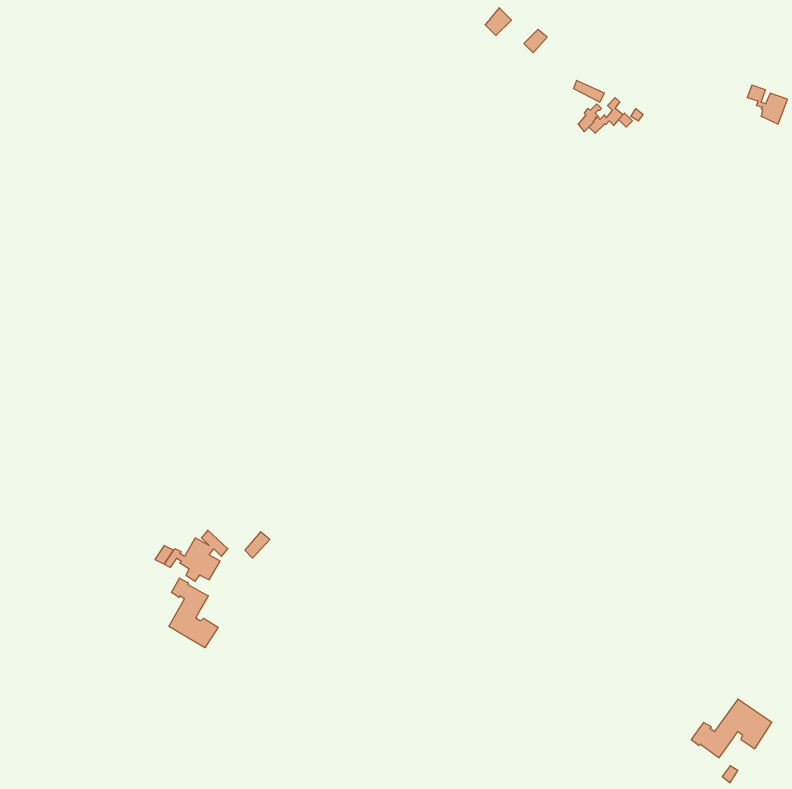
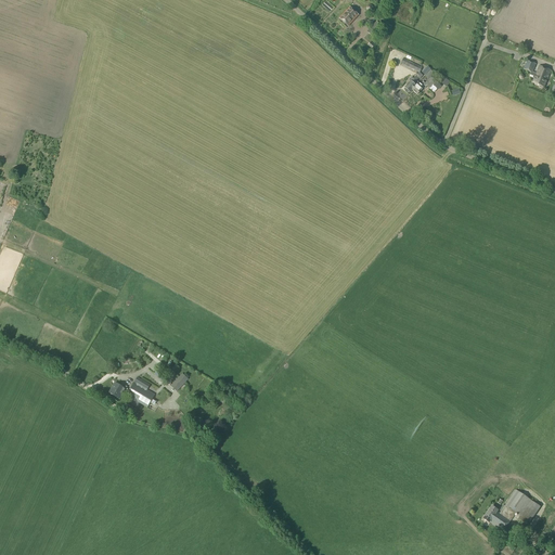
building: [169,578,218,648] -> none

